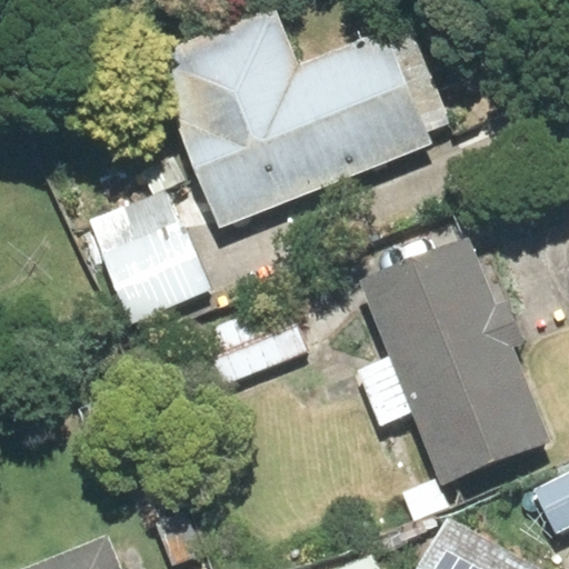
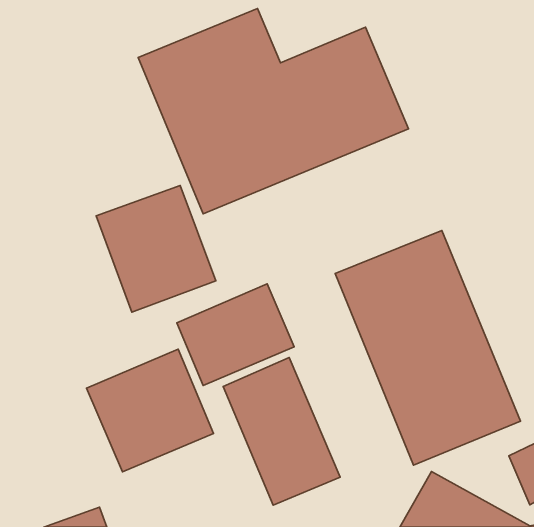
building: none -> [86,349,214,472]
building: none -> [223,358,340,505]

